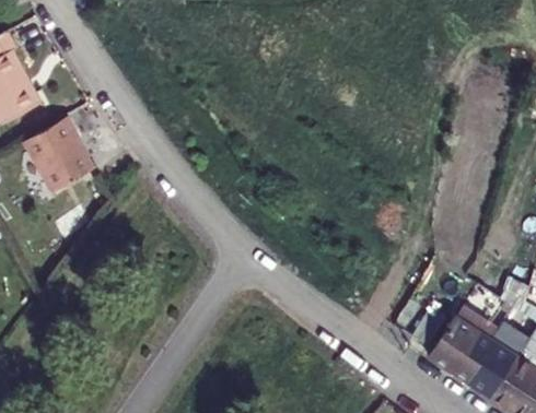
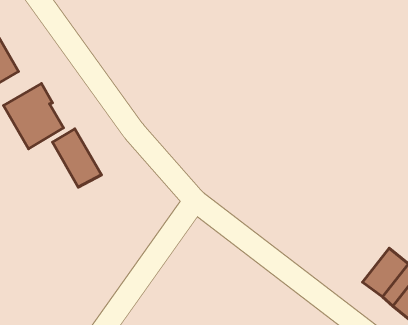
building: none -> [53,129,101,187]

